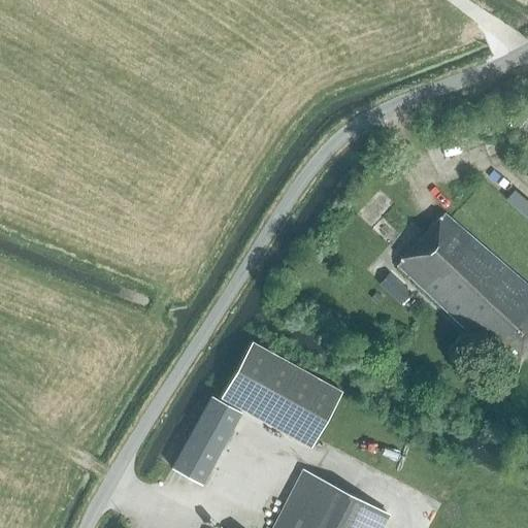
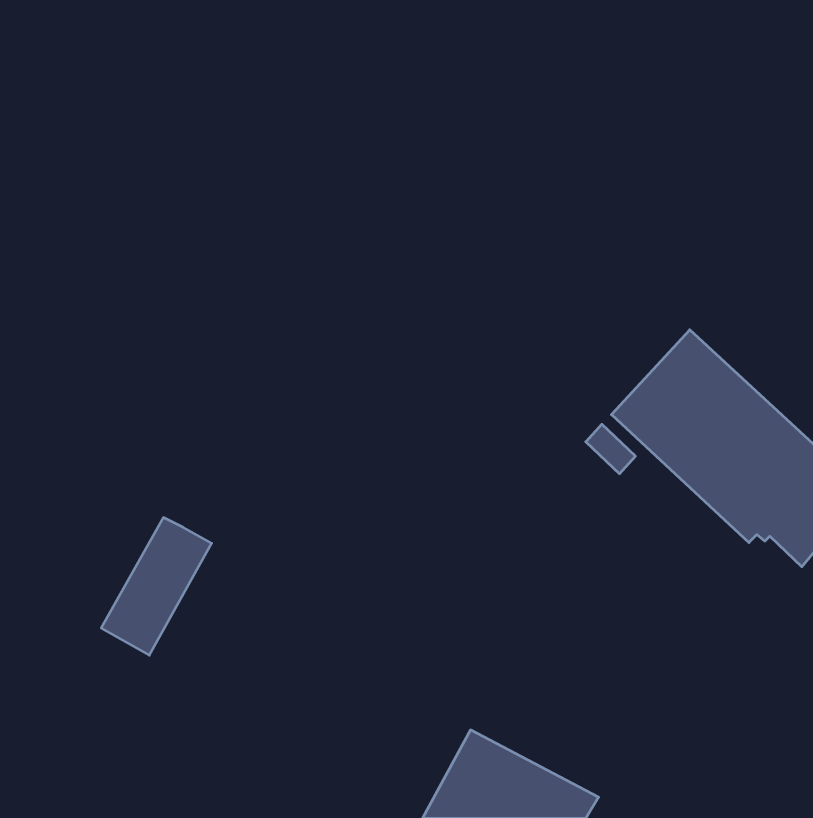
building: [223,342,342,447] -> none
building: [172,396,243,485] -> [101,518,212,655]

